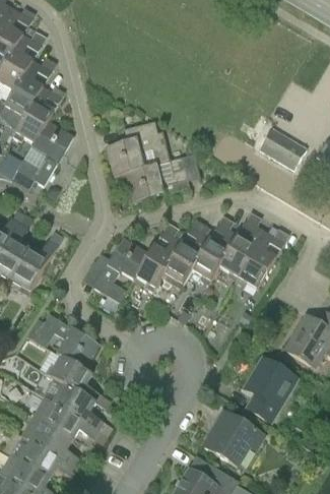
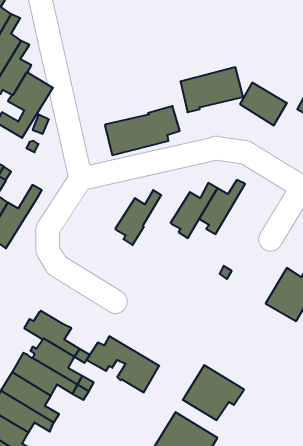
building: [107,131,170,176] -> [180,67,244,112]
building: [236,230,276,288] -> none
building: [163,232,210,287] -> none
building: [94,237,150,312] -> none
building: [27,313,100,369] -> [87,336,159,392]
building: [245,357,298,422] -> none

